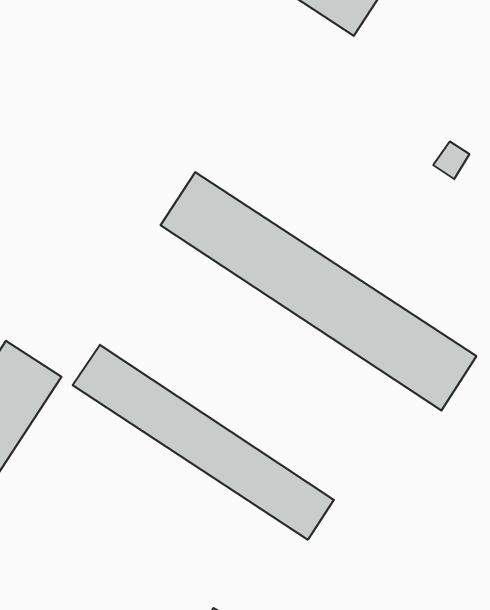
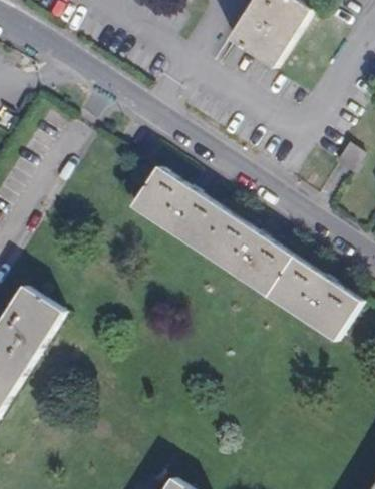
building: [73,345,334,540] -> none

